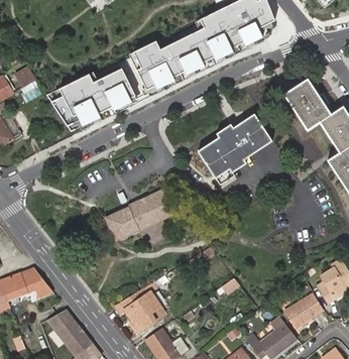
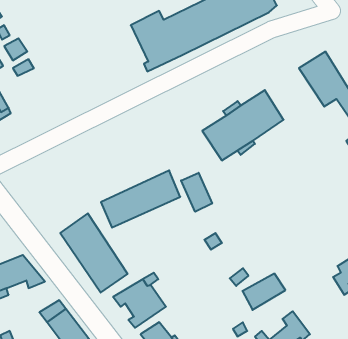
building: [46,68,139,134] -> none
building: none -> [181,173,212,212]
building: none -> [60,213,127,293]
building: [283,292,323,326] -> [242,274,285,310]

